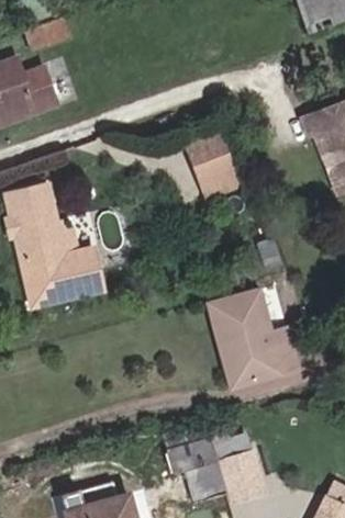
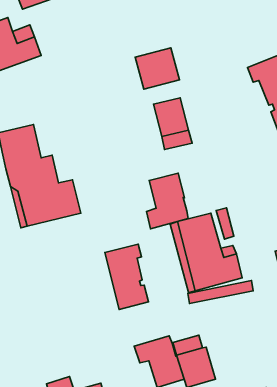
building: none -> [135,48,179,89]
building: none -> [147,173,188,229]
building: none -> [105,244,148,310]

